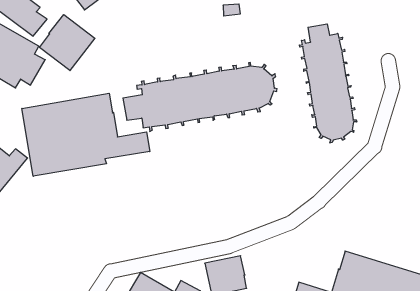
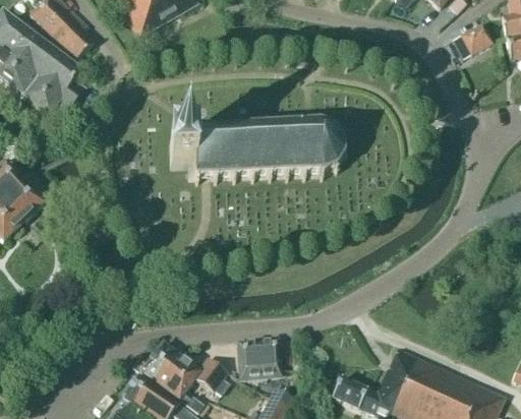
building: [40,15,95,71] -> none
building: [299,24,357,143] -> none
building: [22,93,150,176] -> none

